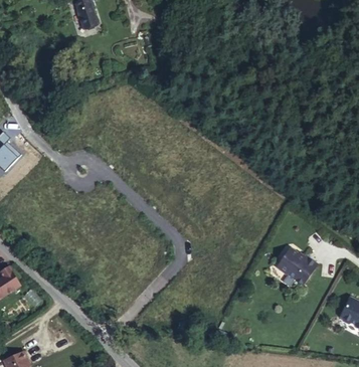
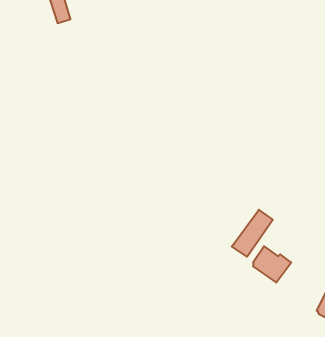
building: none -> [232,210,273,257]

